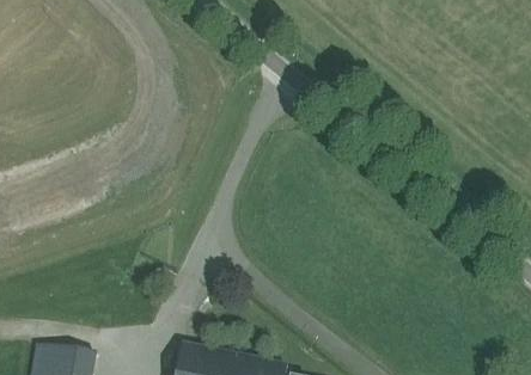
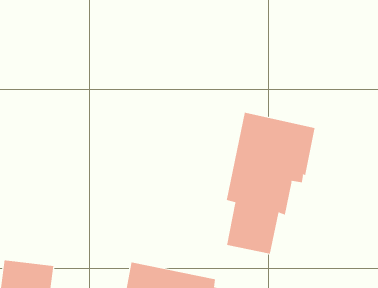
building: none -> [226,112,315,254]

